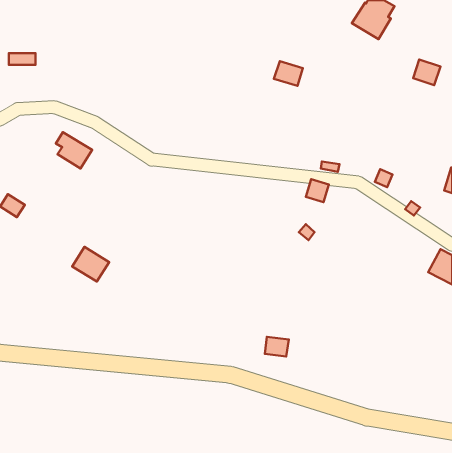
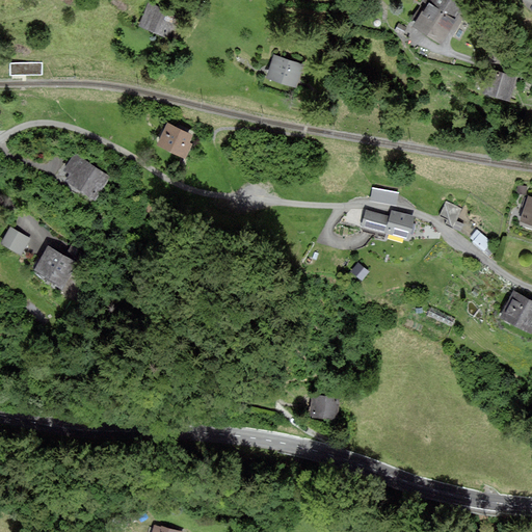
building: none -> [139,4,177,37]
building: [274,61,303,86] -> [267,56,301,85]
building: none -> [155,123,193,159]
building: none -> [383,210,414,240]
building: [72,247,109,282] -> [33,246,77,287]

